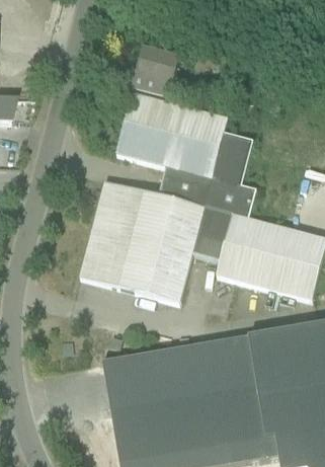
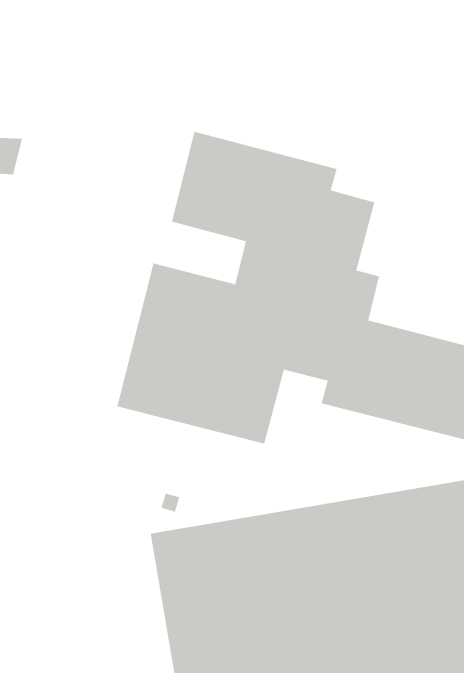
building: [128,44,179,94] -> none

